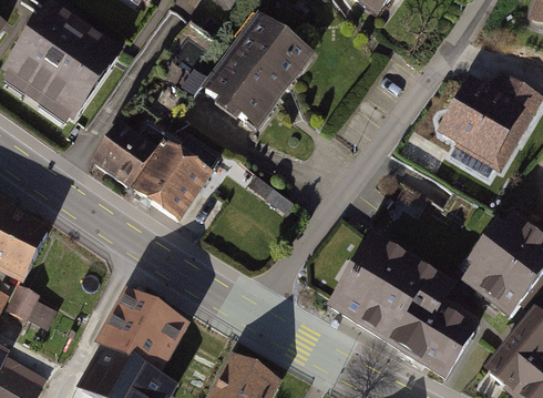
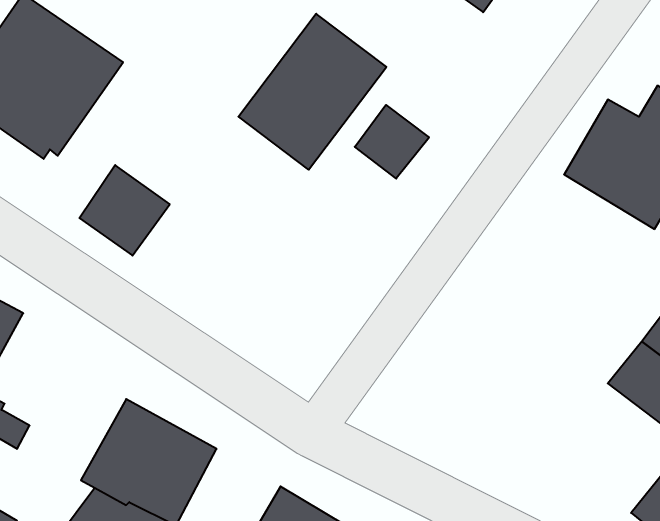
building: none -> [355,105,429,179]
building: [129,140,211,222] -> none
building: [328,232,473,371] -> none

